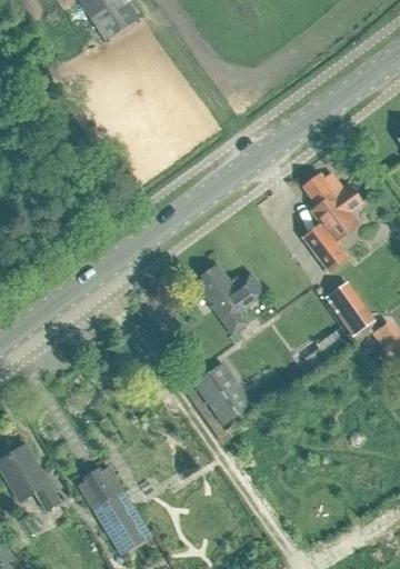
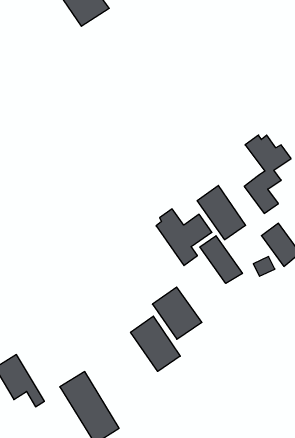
building: none -> [197,185,246,240]
building: none -> [200,236,242,283]
building: none -> [131,316,180,371]

